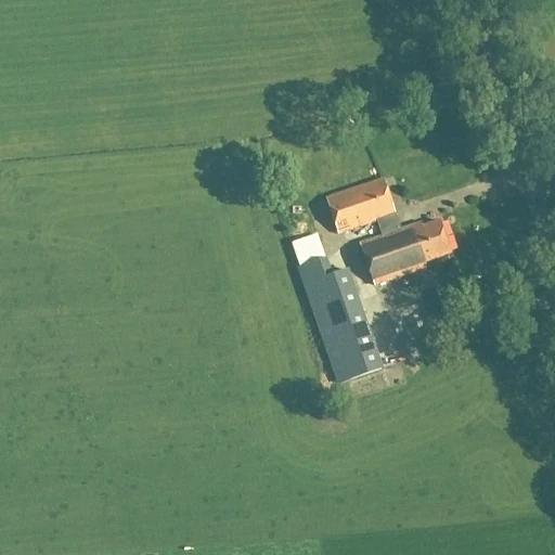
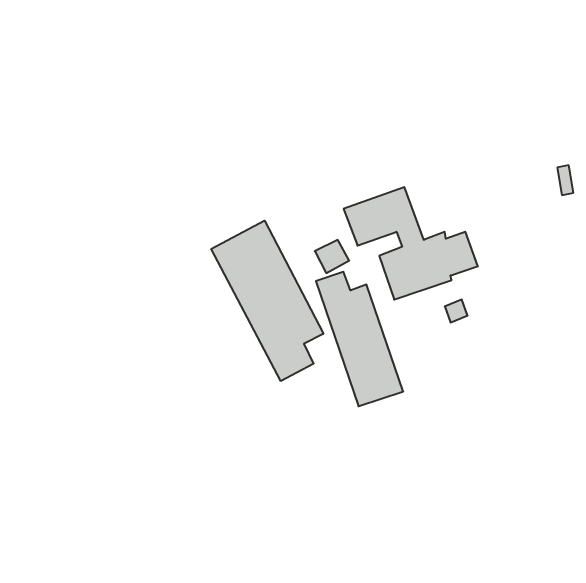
building: none -> [211,221,323,381]

